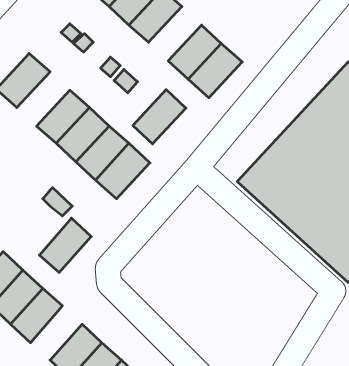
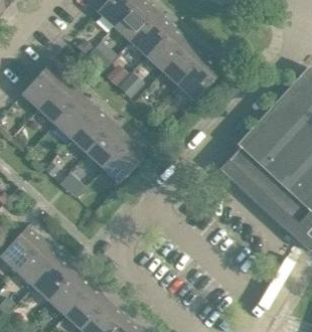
building: none -> [38,79,82,124]
building: [133,90,186,144] -> [146,26,189,70]
building: [39,218,91,272] -> [49,271,92,315]

